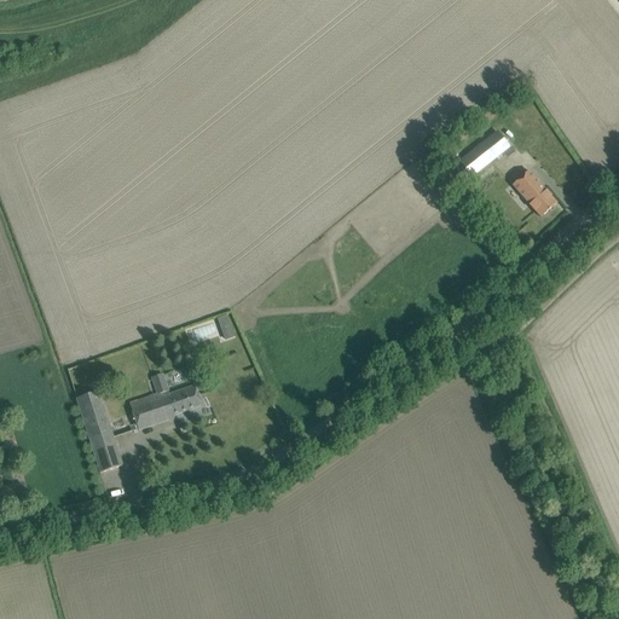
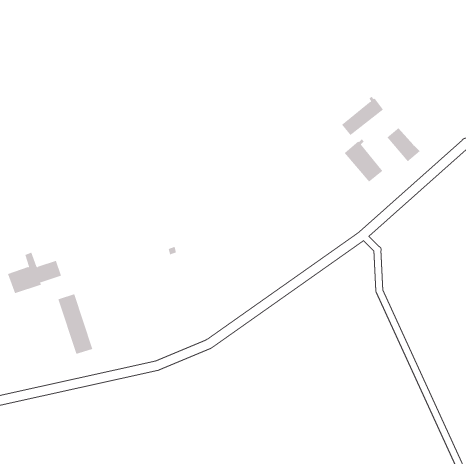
building: none -> [344,139,383,183]
building: [129,372,202,428] -> [7,252,62,294]

